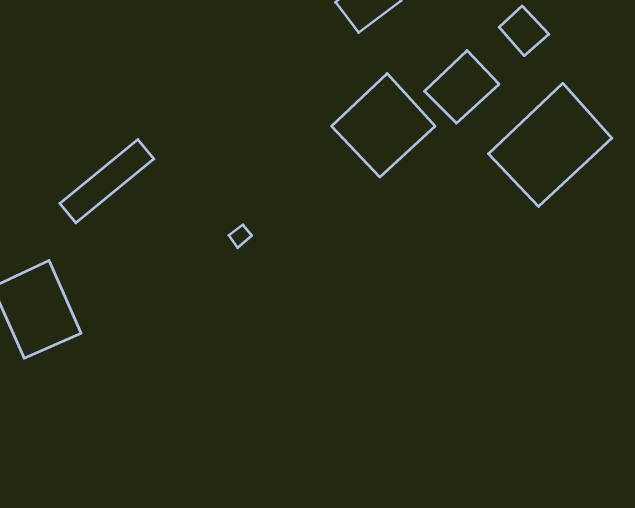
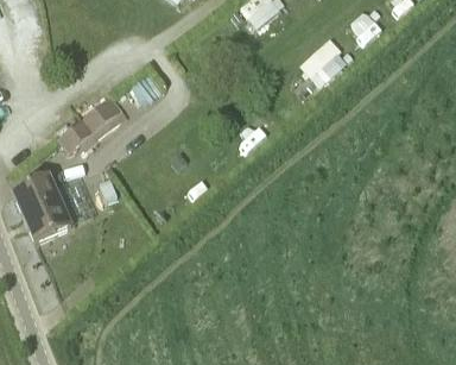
building: [332,73,435,177] -> none
building: [488,83,612,207] -> none

